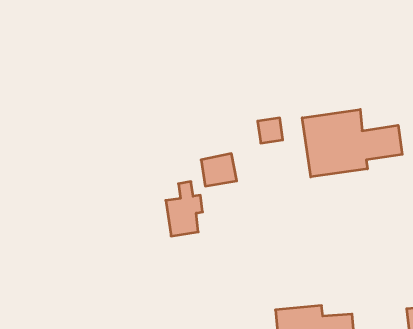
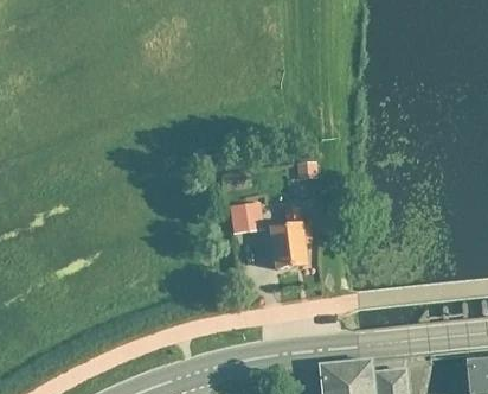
building: [302,109,402,177] -> none
building: [166,182,203,236] -> [269,208,310,269]

